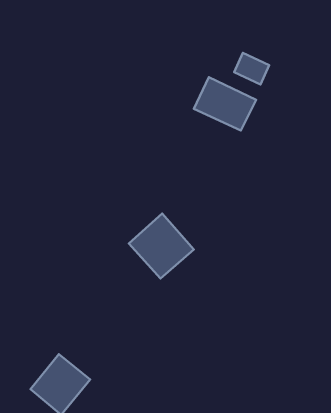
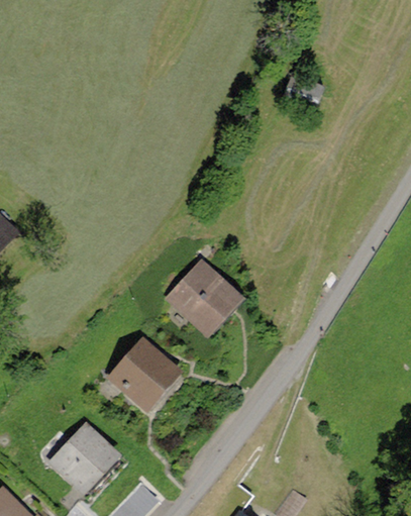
building: [194,77,256,131] -> none
building: none -> [105,337,181,412]

